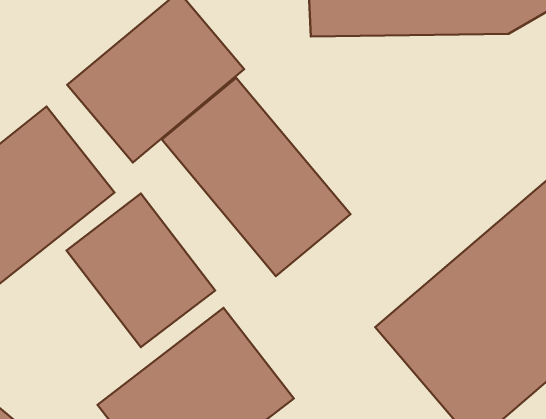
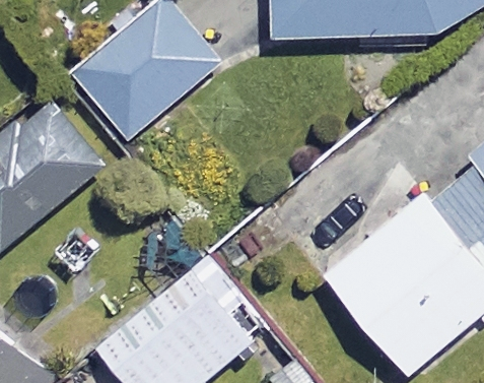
building: [162,78,350,276] -> none
building: [66,194,215,347] -> none

